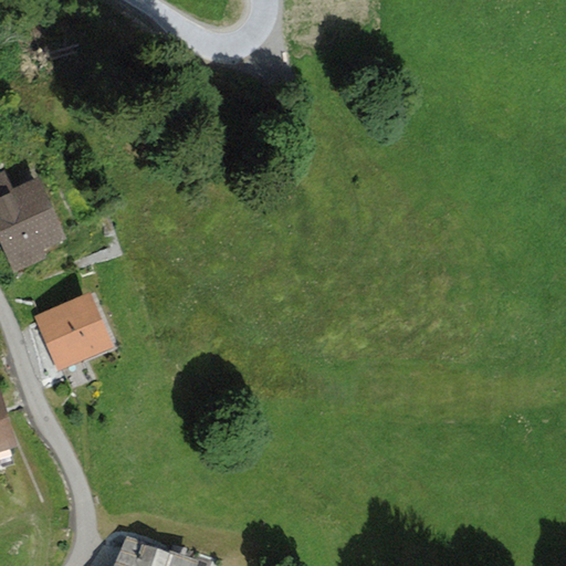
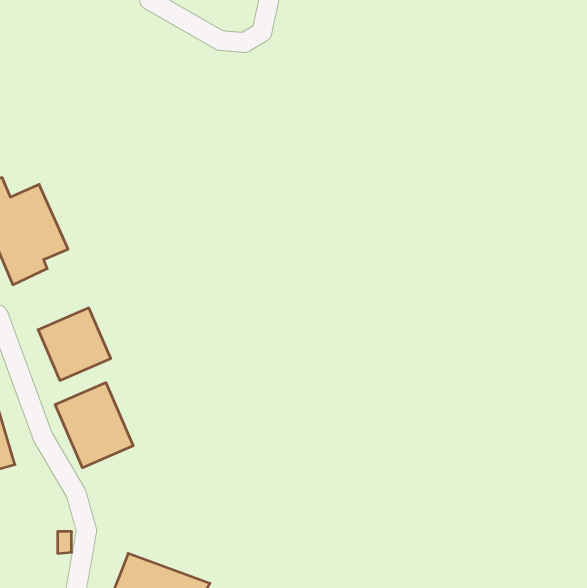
building: none -> [55,383,133,468]

